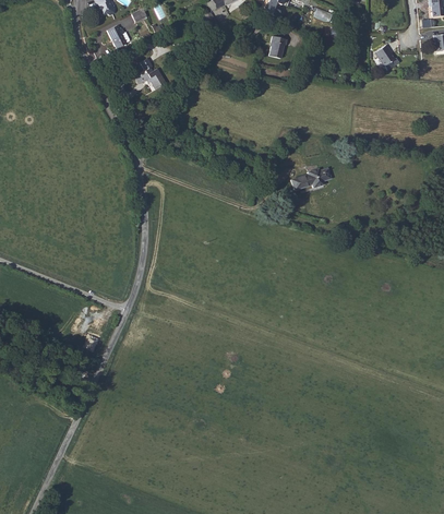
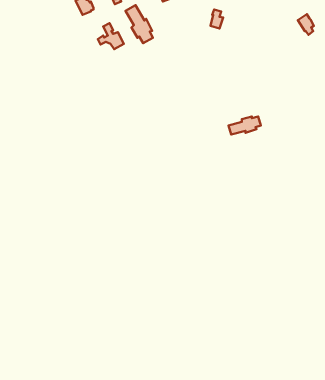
building: none -> [125,5,153,43]

